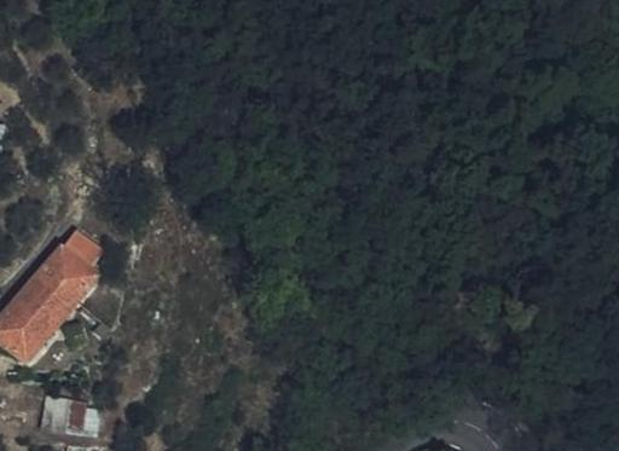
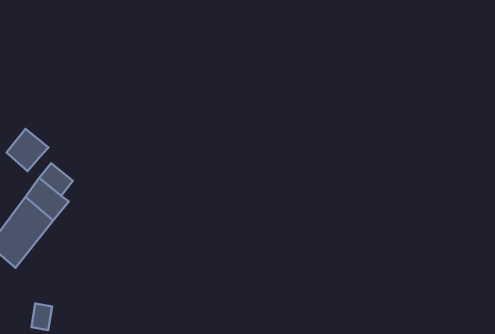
building: none -> [6,129,48,171]

